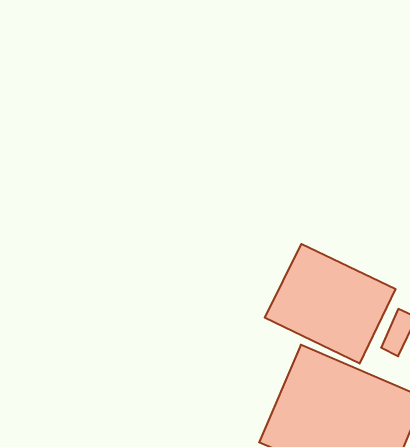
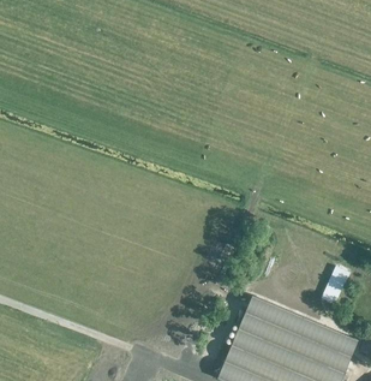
building: [265,244,396,364] -> none

